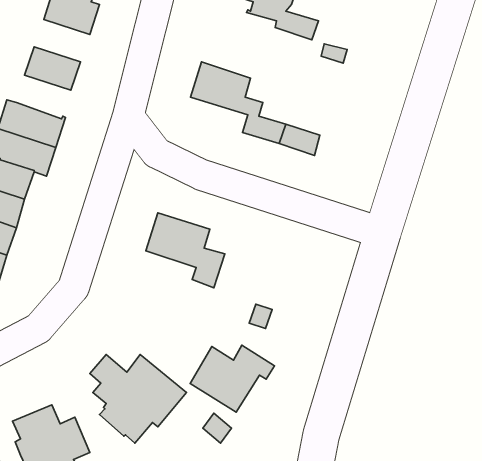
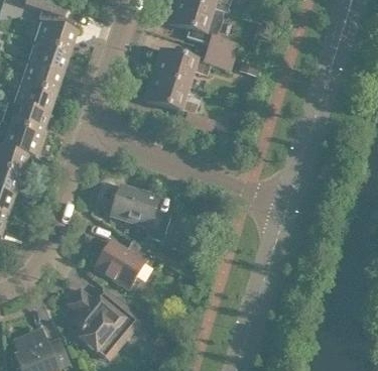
building: none -> [28,41,70,73]
building: none -> [152,47,234,85]
building: none -> [15,83,55,115]
building: [190,345,274,412] -> [94,238,156,287]

